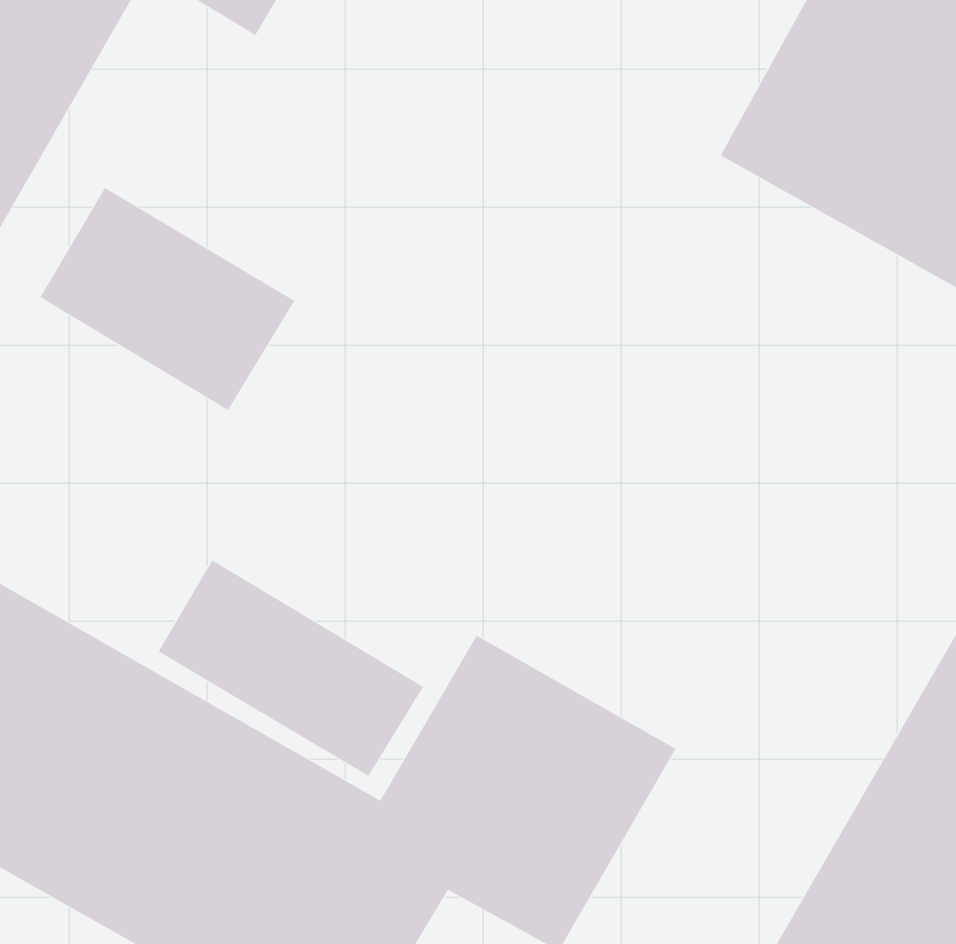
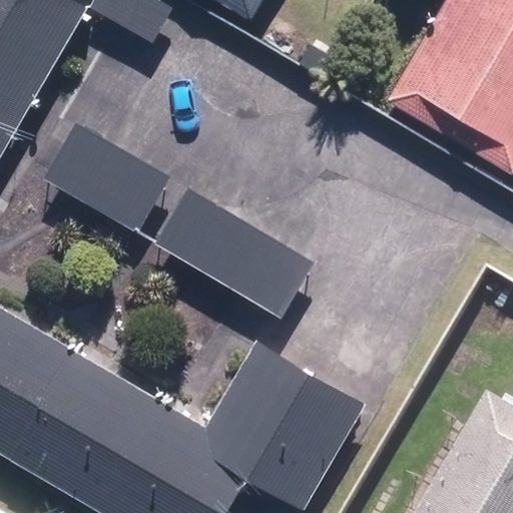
building: none -> [151,186,316,322]
building: [158,560,424,777] -> none

